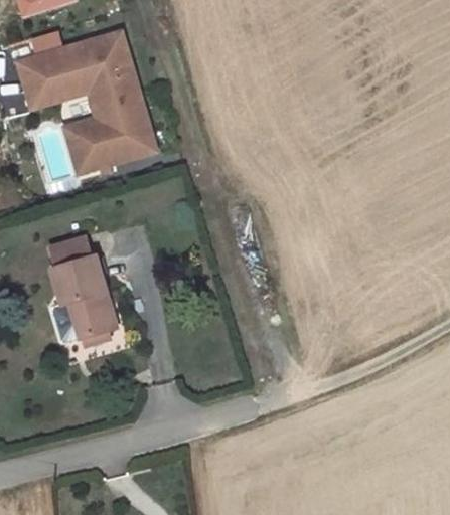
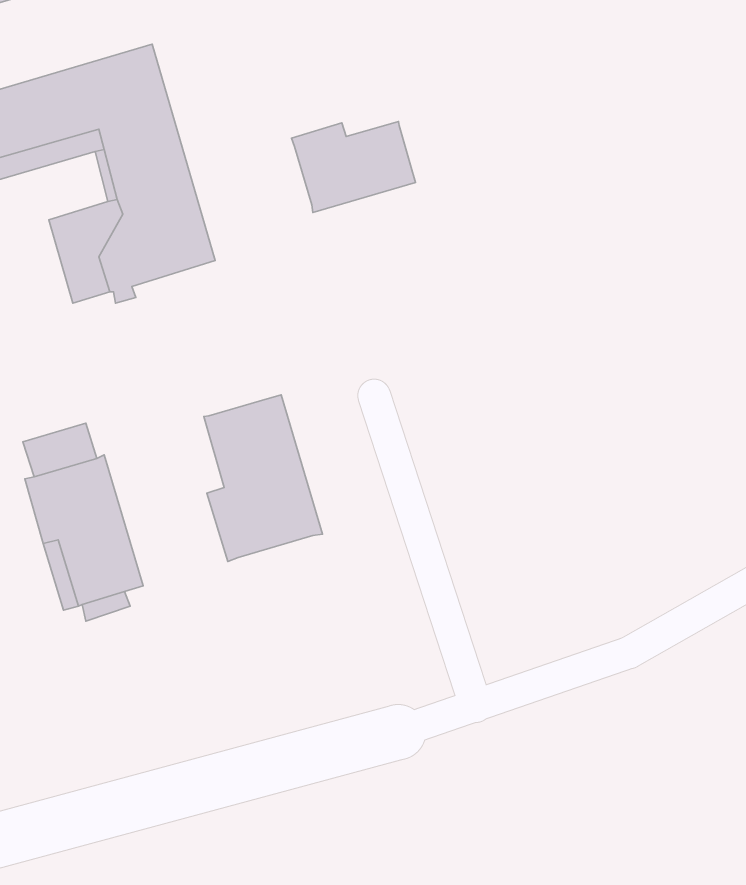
building: none -> [291,122,415,213]
building: none -> [204,395,322,562]

